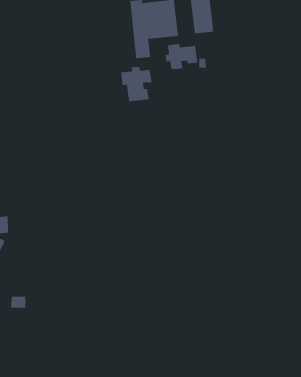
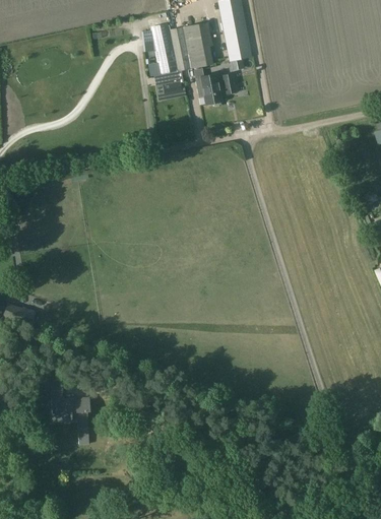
building: [121,66,152,102] -> none
building: none -> [51,397,89,444]

